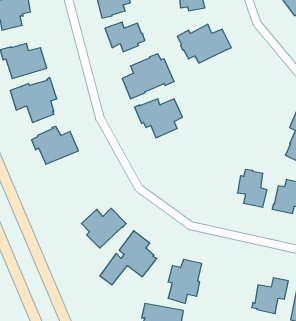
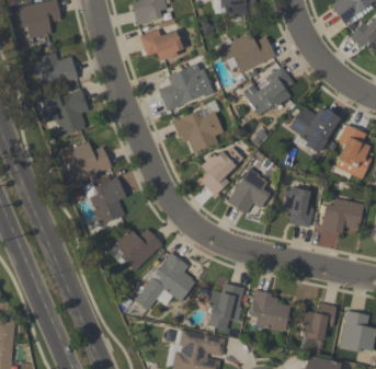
building: none -> [242,67,295,115]
building: none -> [289,106,341,154]
building: none -> [201,147,243,196]
building: none -> [228,169,271,215]
building: none -> [82,176,126,226]
building: none -> [250,290,290,332]

